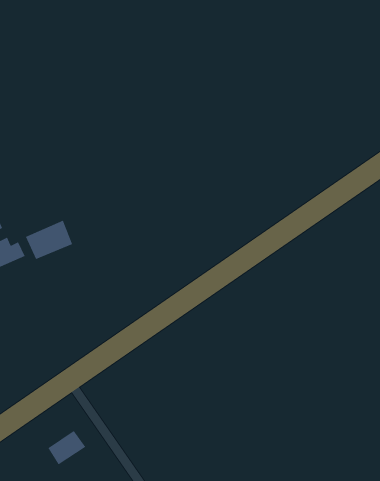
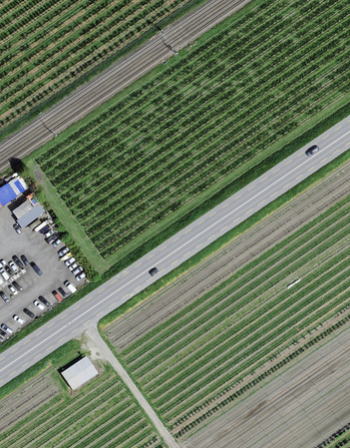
building: [25,220,73,260] -> none

